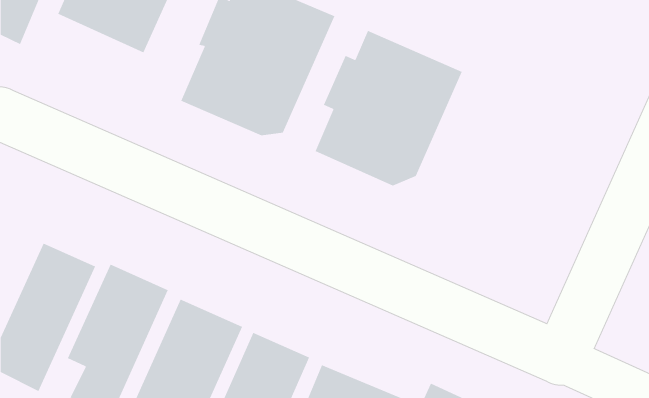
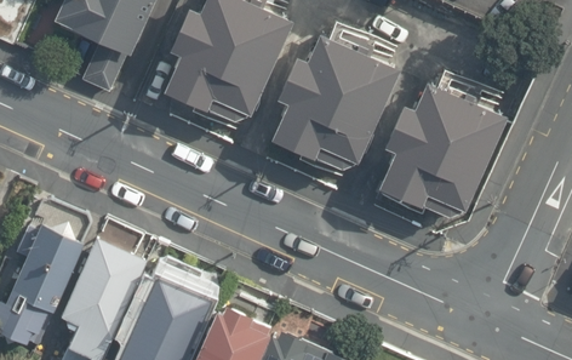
building: none -> [381,87,513,228]

